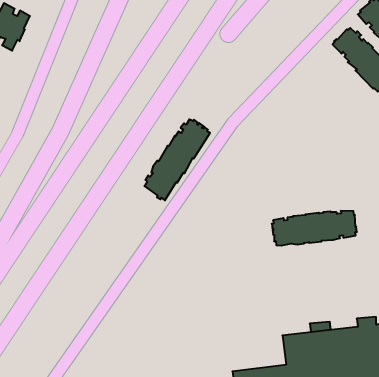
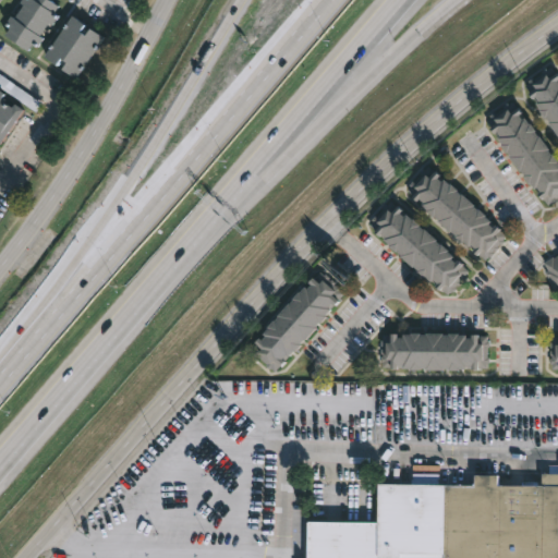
building: none -> [407,166,506,262]
building: none -> [369,202,469,296]
building: [144,119,210,200] -> [251,274,343,374]

